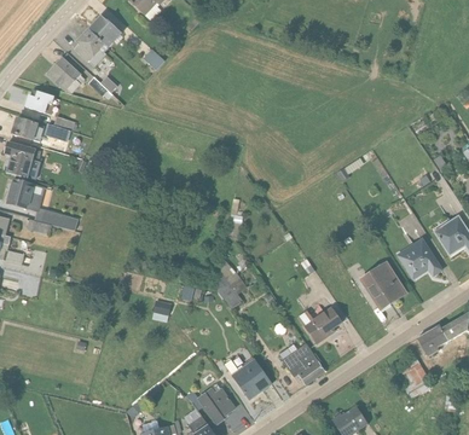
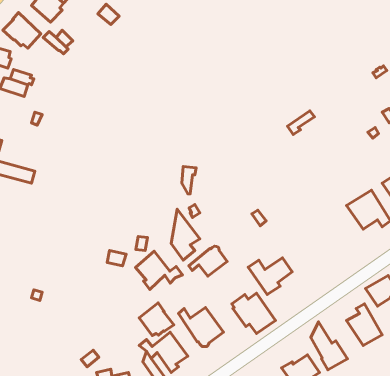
building: [360,261,404,308] -> none
building: none -> [189,246,227,276]
building: none -> [135,251,182,289]
building: none -> [139,303,174,336]
building: none -> [311,322,348,370]

